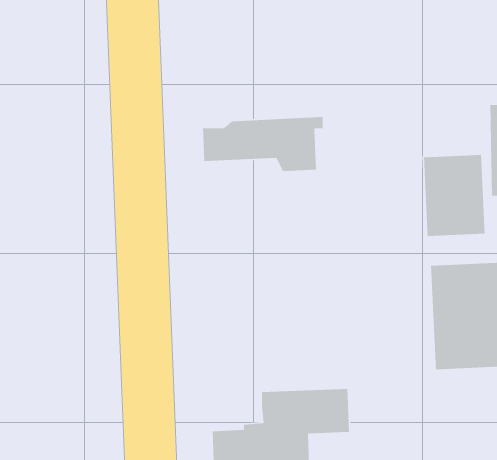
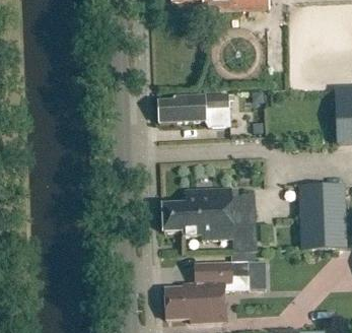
building: [423,154,486,237] -> none
building: none -> [163,187,257,251]

